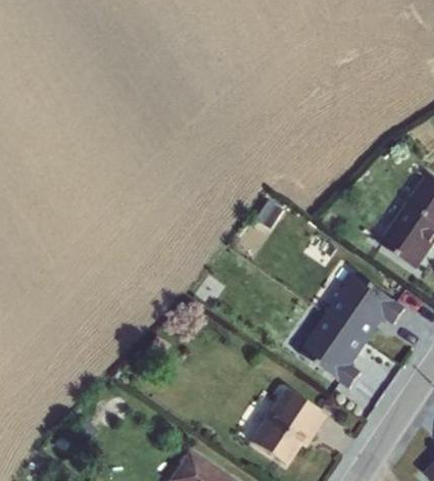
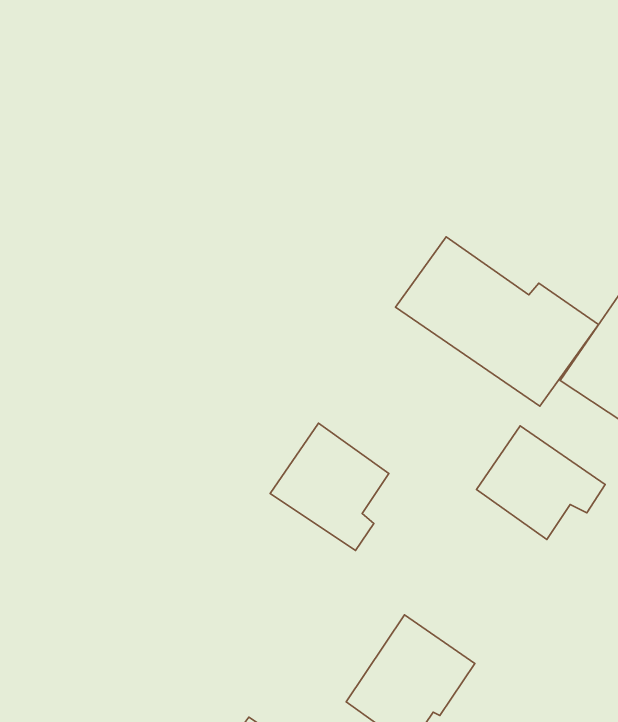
building: none -> [396,237,599,406]
building: [297,309,370,387] -> [270,423,389,550]

